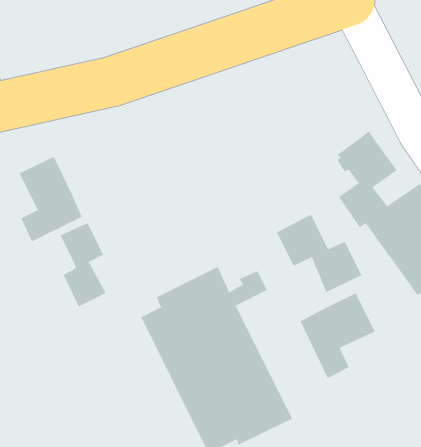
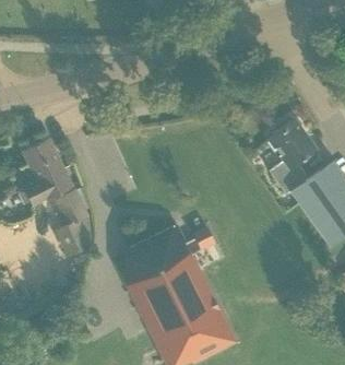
building: [276,214,362,293] -> none
building: [300,292,375,379] -> none

